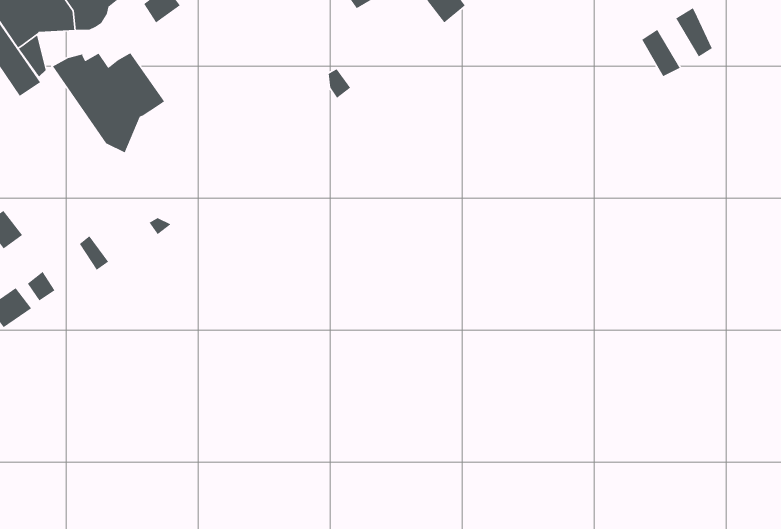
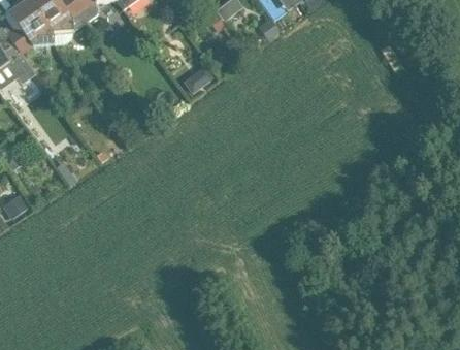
building: [52,52,165,154] -> none

